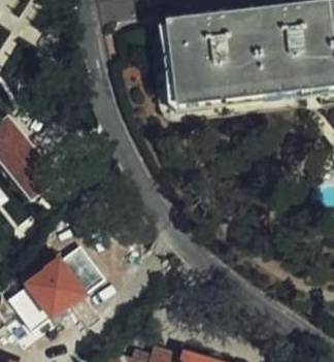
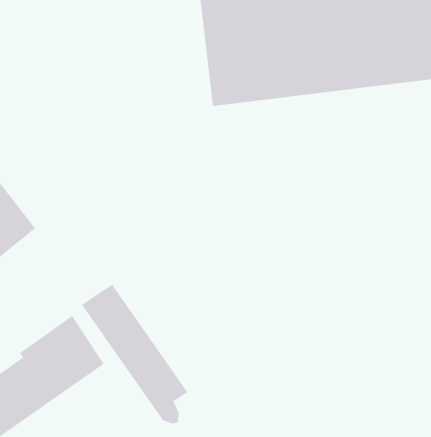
building: none -> [81,284,188,424]

